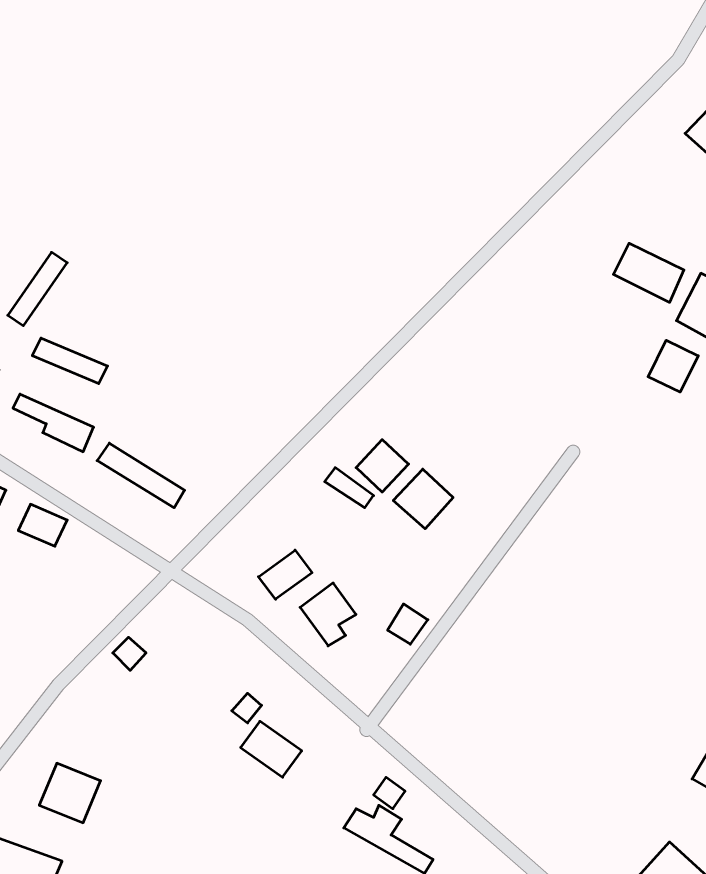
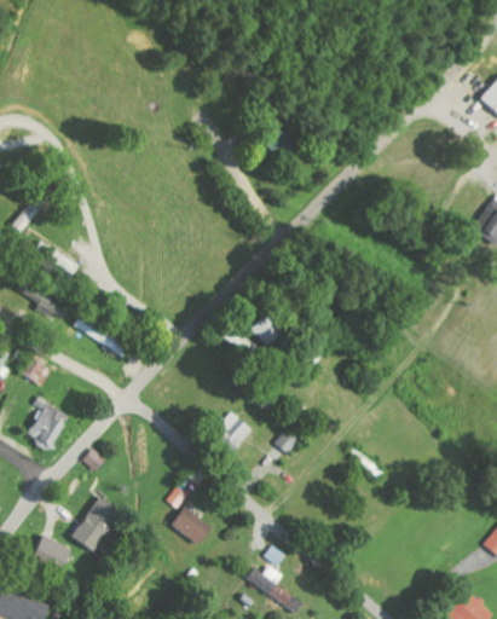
building: [613,243,684,302] -> none
building: [648,340,698,392] -> none
building: [393,469,453,529] -> none
building: [258,550,312,599] -> none
building: none -> [23,395,70,450]
building: none -> [71,494,122,551]

